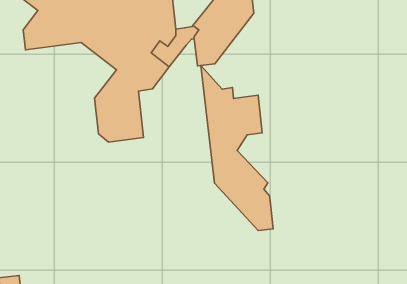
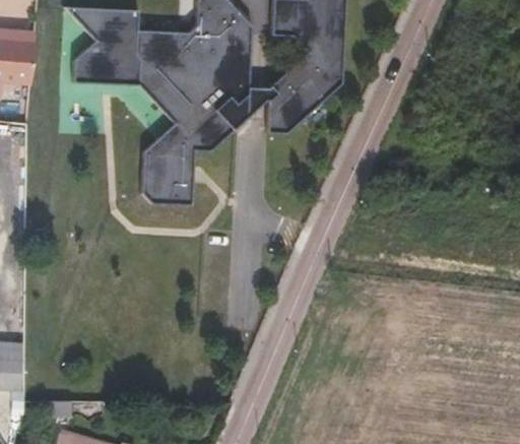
building: [201,65,273,231] -> none

